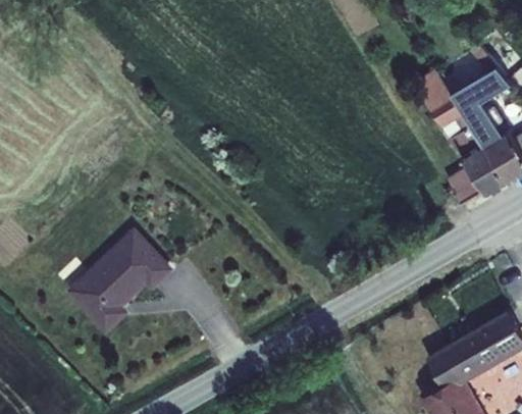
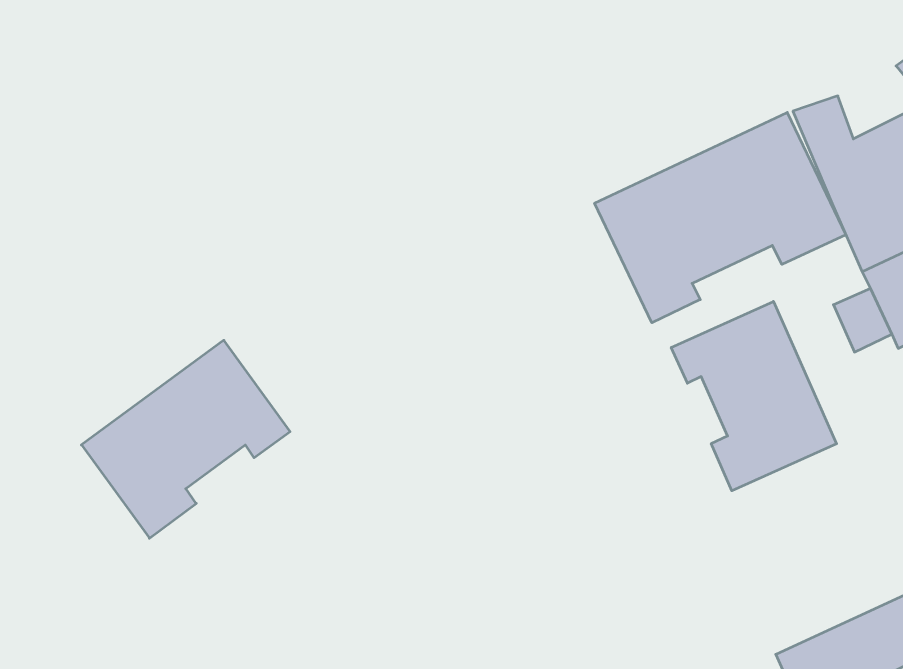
building: none -> [595,112,846,323]
building: none -> [671,301,837,491]

